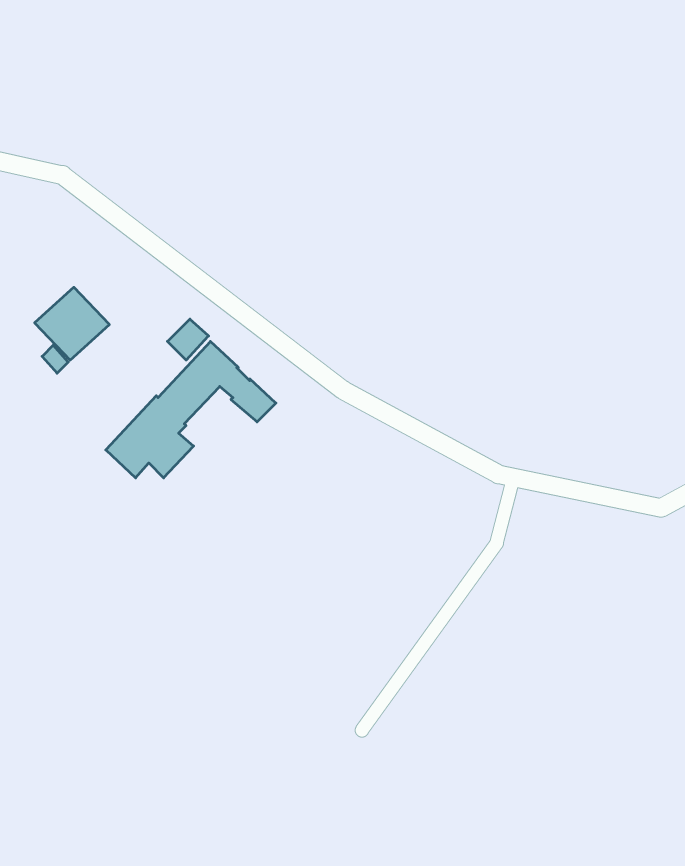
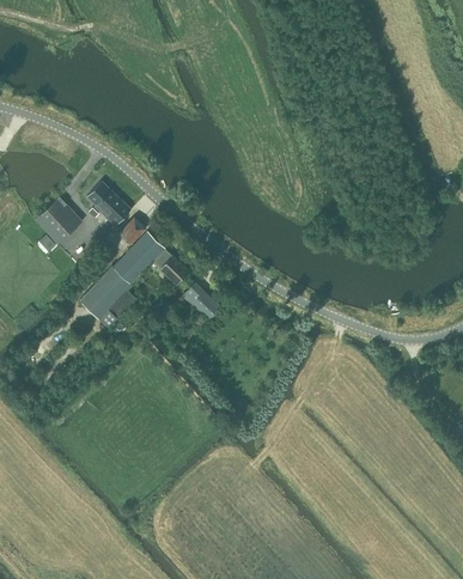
building: none -> [87,181,132,226]
building: none -> [182,284,221,321]

